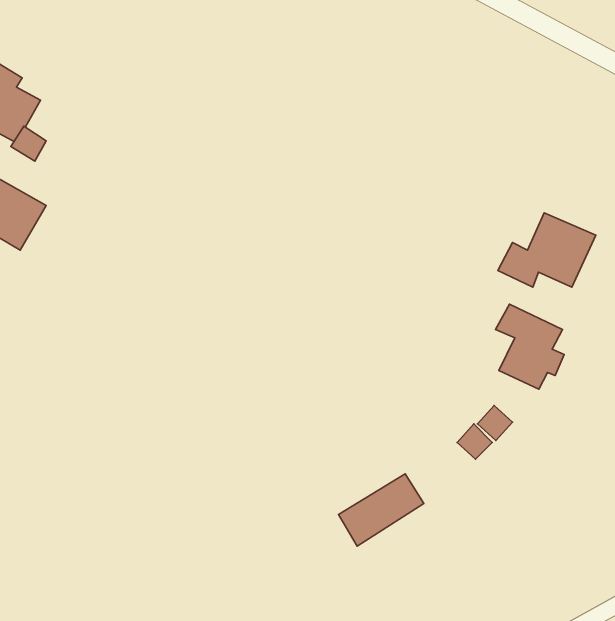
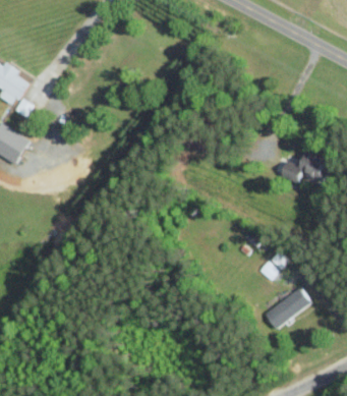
building: [495,304,564,389] -> none
building: [339,474,424,546] -> [266,287,312,327]

